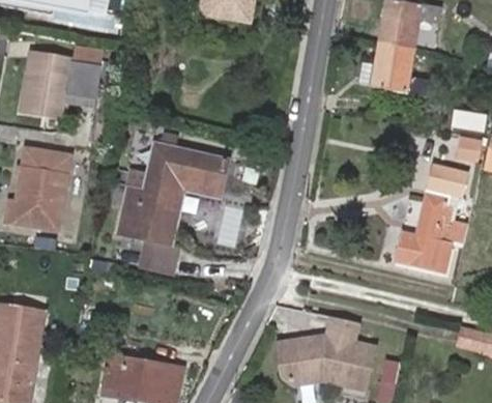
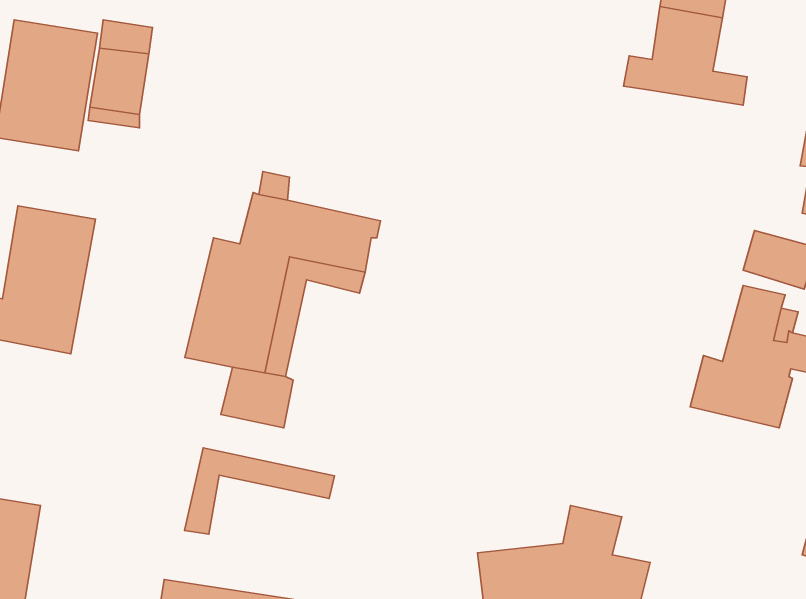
building: none -> [185,448,335,534]

